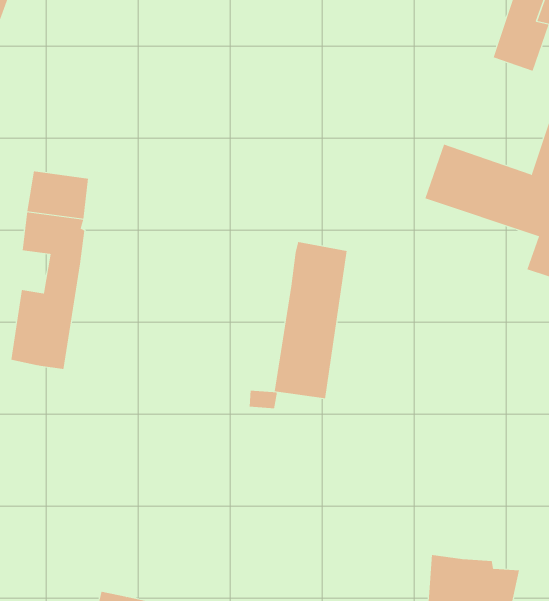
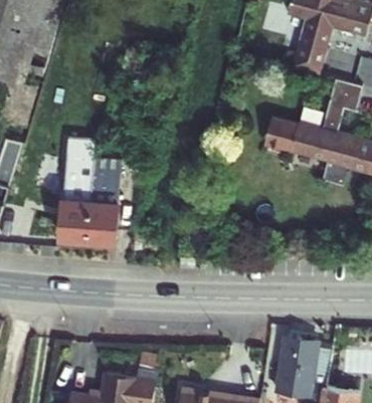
building: [274,242,347,399] -> [80,170,115,253]

